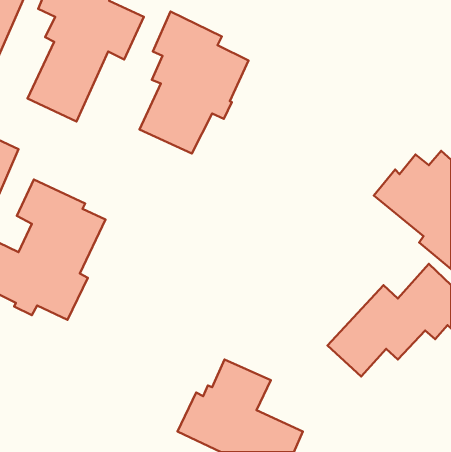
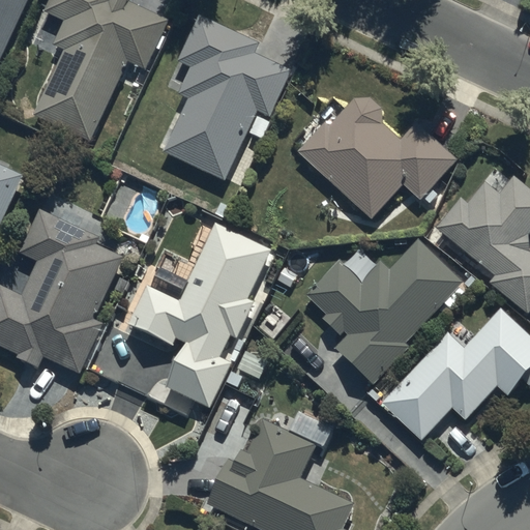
building: none -> [298,97,458,218]
building: none -> [128,222,270,407]
building: none -> [306,238,462,384]

